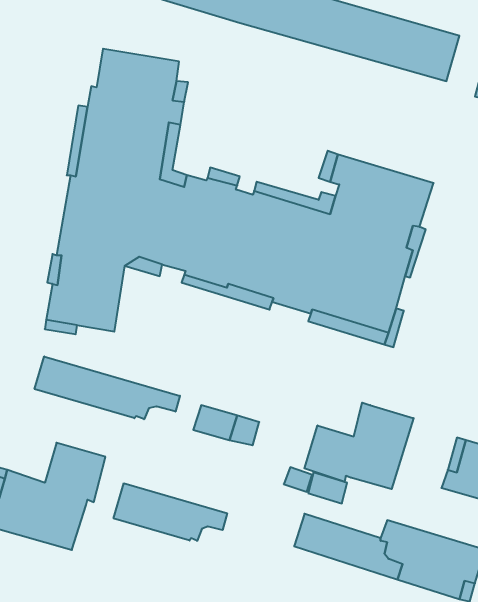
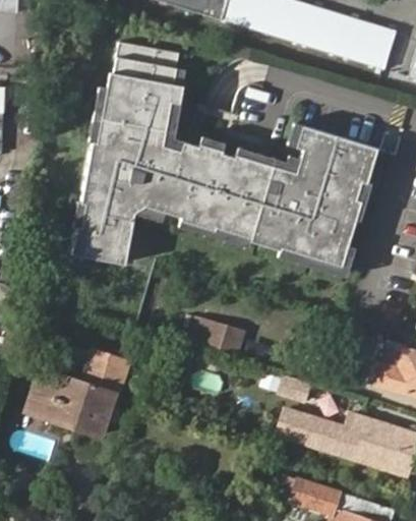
building: [35,356,180,419] -> none
building: [304,403,414,489] -> none
building: [114,483,227,541] -> none

